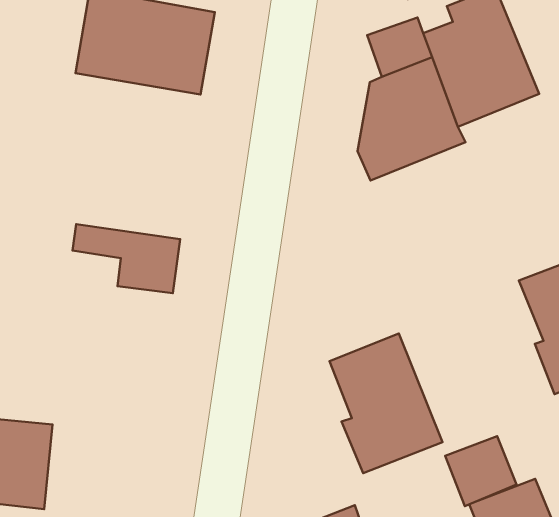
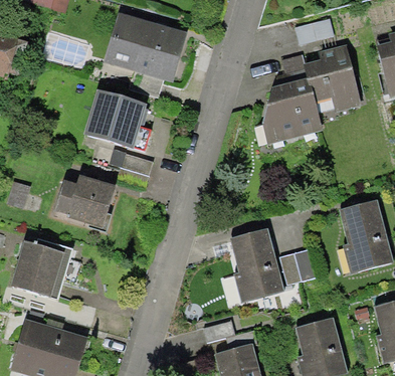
building: none -> [90,92,151,147]
building: none -> [49,175,116,230]
building: [445,436,516,506] -> [278,248,316,285]

